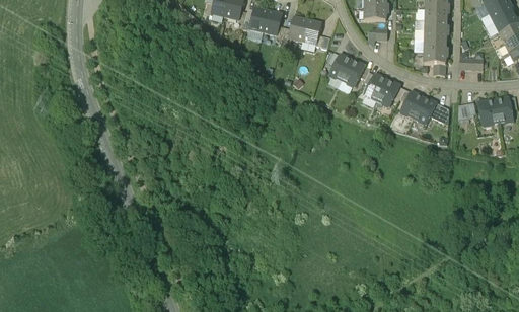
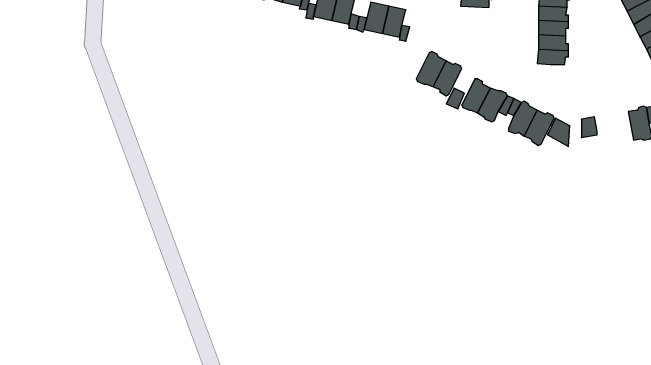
building: [478,100,499,127] -> none

